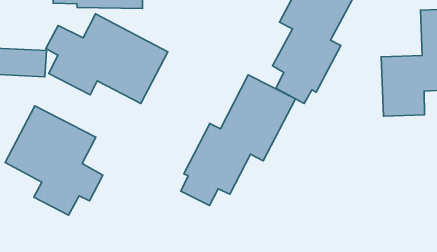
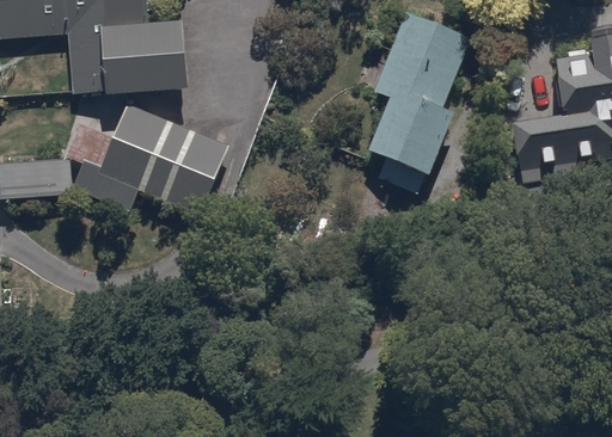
building: [181,75,296,205] -> none
building: [5,106,103,215] -> none

